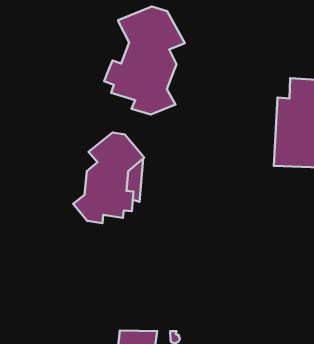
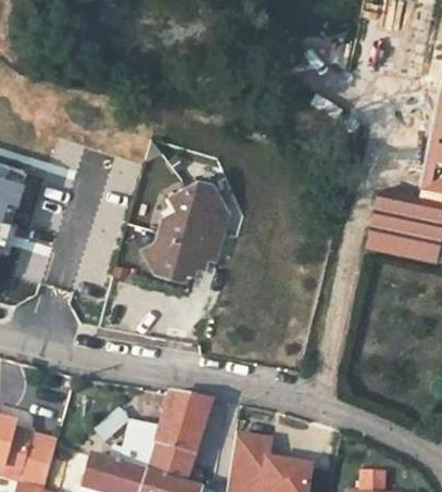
building: [104,7,185,114] -> none

